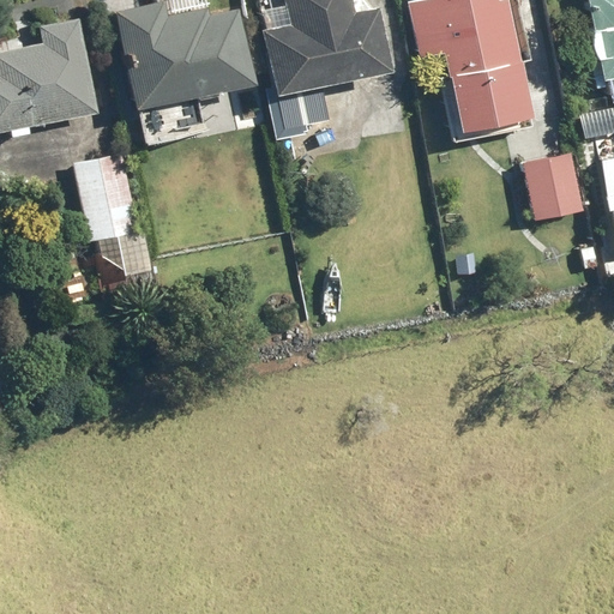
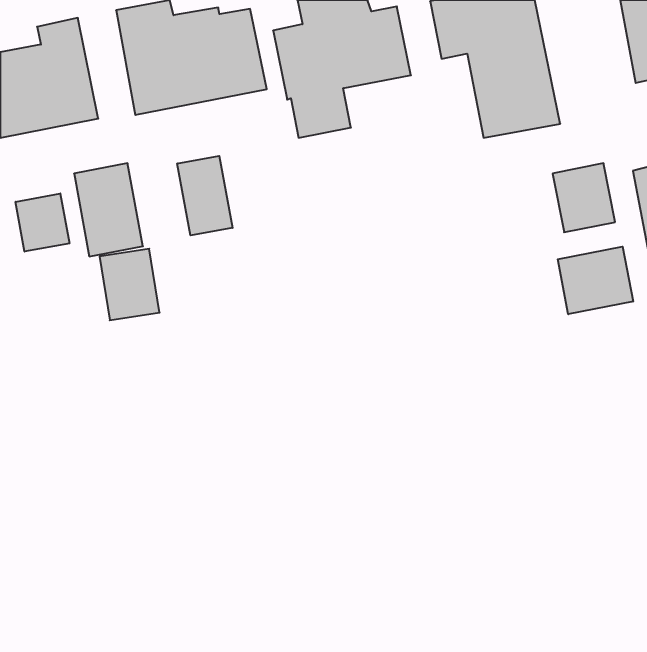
building: none -> [177,156,233,235]
building: none -> [16,193,69,252]
building: none -> [558,247,633,314]

